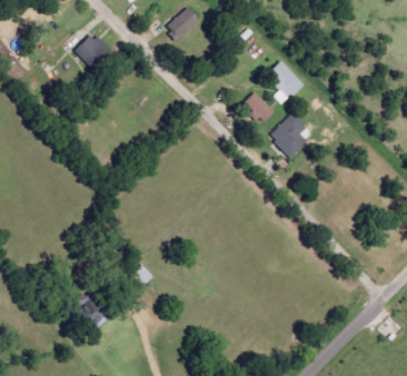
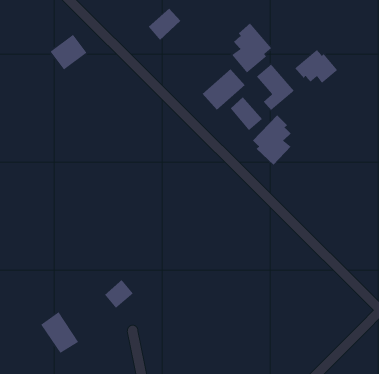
building: none -> [231,22,272,74]
building: none -> [294,49,338,84]
building: none -> [202,68,245,111]

